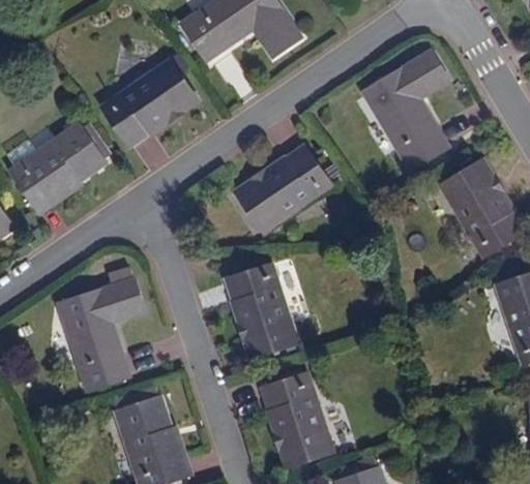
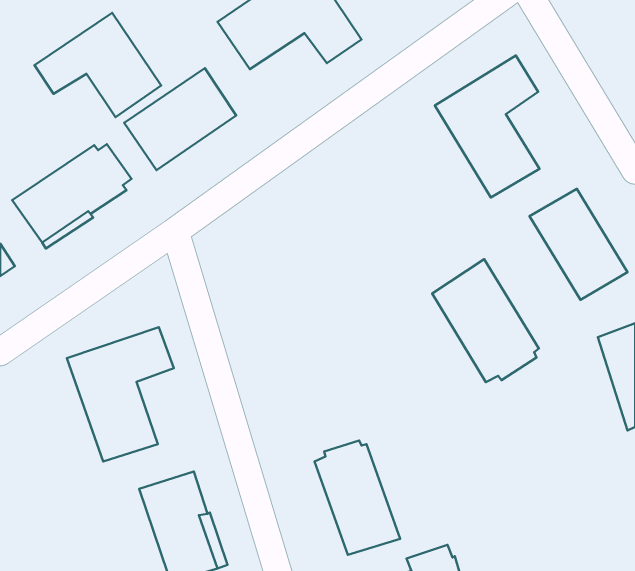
building: none -> [35,13,161,117]
building: [237,148,329,231] -> none
building: none -> [432,259,539,382]
building: [228,263,296,356] -> none

